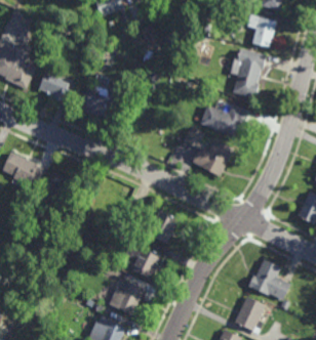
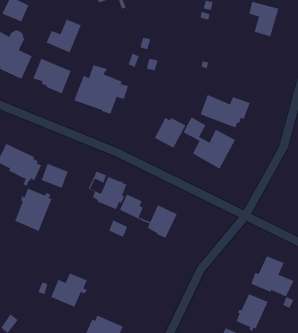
building: none -> [46,19,82,53]
building: [230,48,267,99] -> none
building: none -> [154,117,186,148]
building: none -> [15,188,52,232]
building: [123,242,161,280] -> [88,171,127,210]
building: [109,283,145,316] -> [50,273,87,308]

